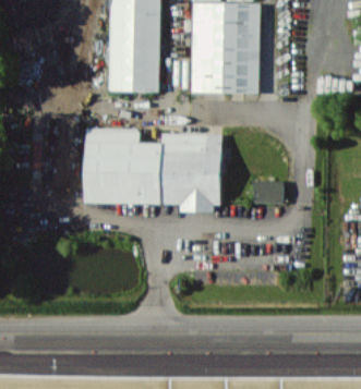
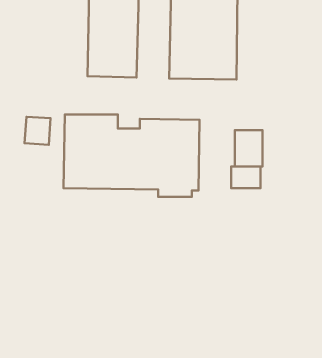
building: none -> [25,117,51,145]
building: none -> [235,130,263,166]

